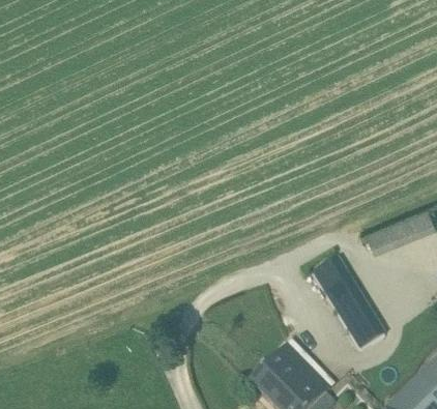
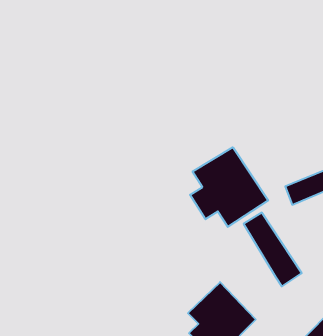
building: none -> [190,147,268,227]

